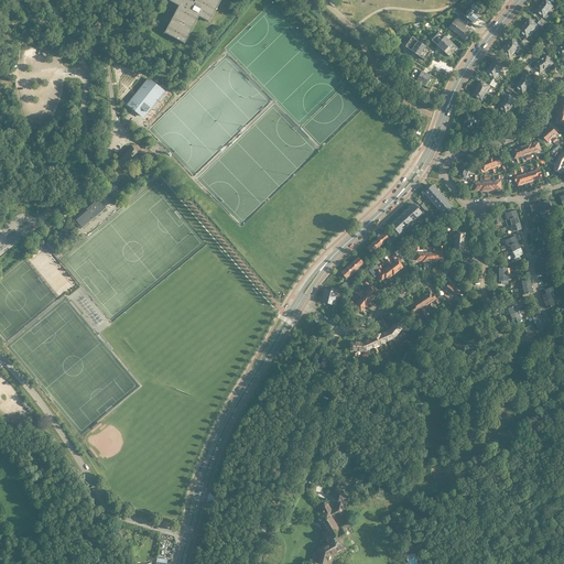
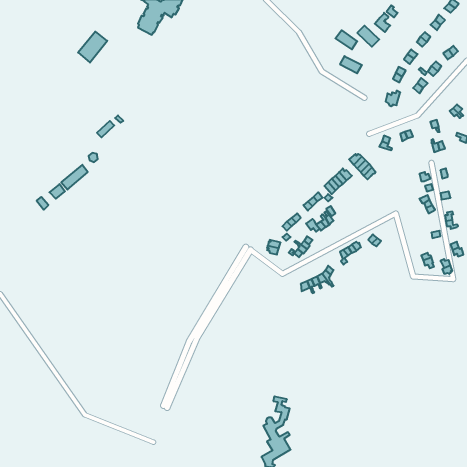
building: [128,78,163,116] -> [78,32,107,63]

